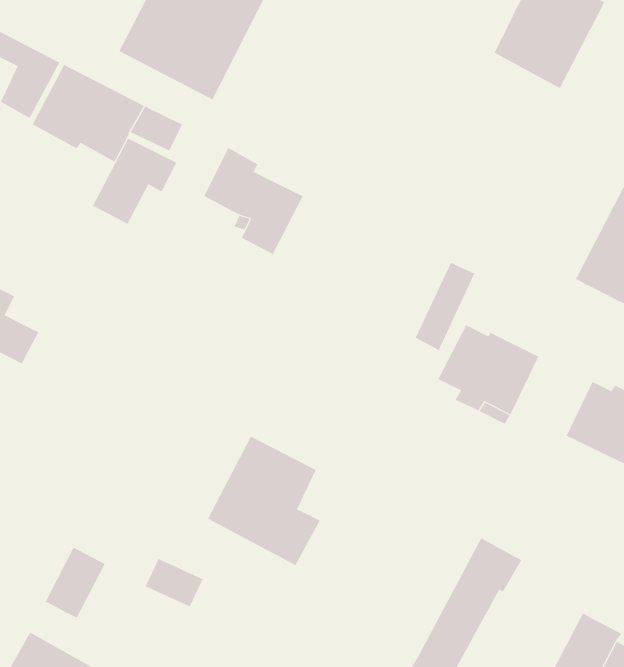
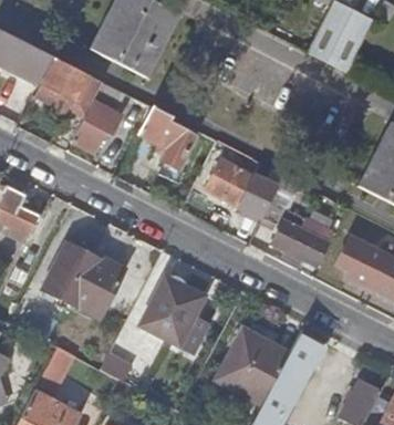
building: none -> [205,158,253,206]
building: none -> [41,245,124,322]
building: none -> [217,330,290,404]

